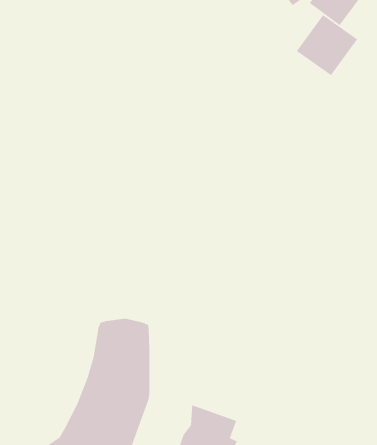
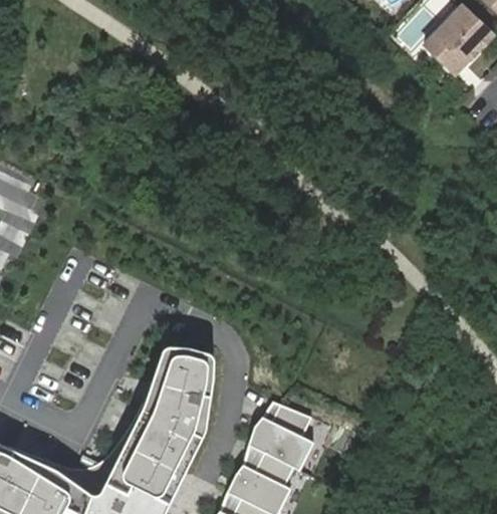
building: [296,14,358,76] -> none
building: none -> [248,404,313,472]

